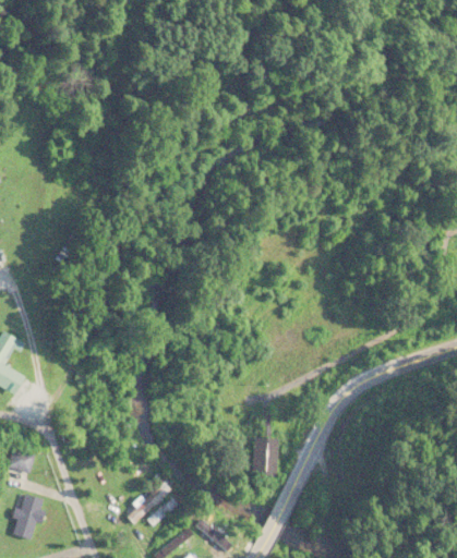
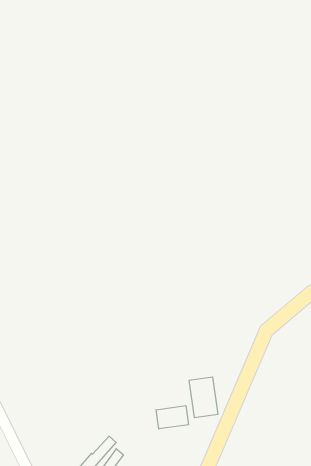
building: none -> [156,406,188,429]

